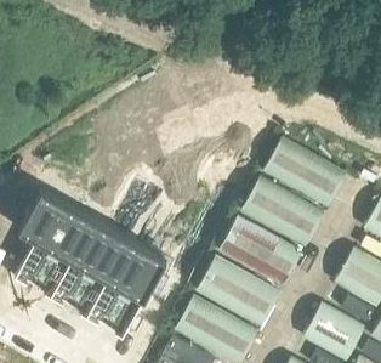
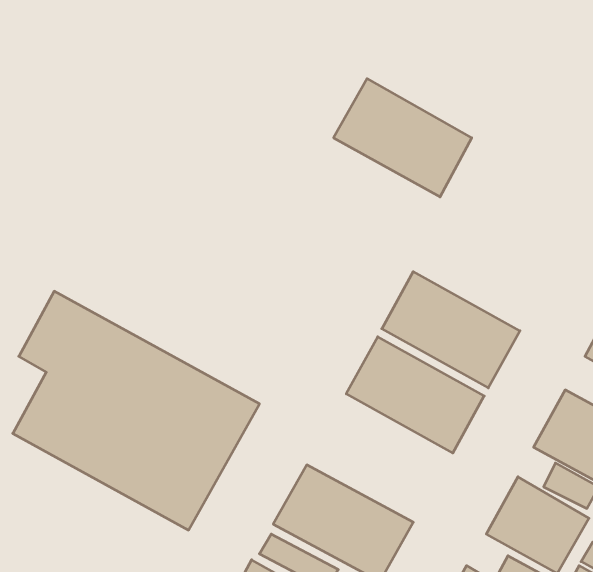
building: [261,136,346,209] -> [334,79,472,197]
building: [195,256,280,328] -> none

